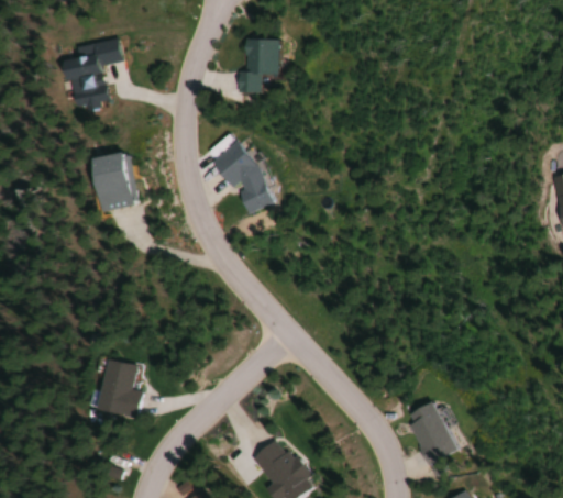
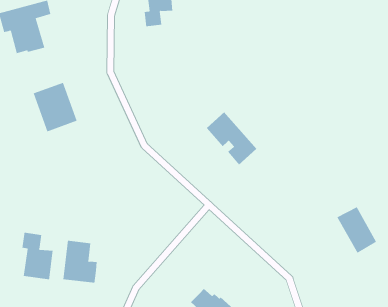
building: [214,143,278,215] -> [206,112,257,165]
building: none -> [22,232,53,280]
building: [407,402,455,464] -> [337,206,377,254]

